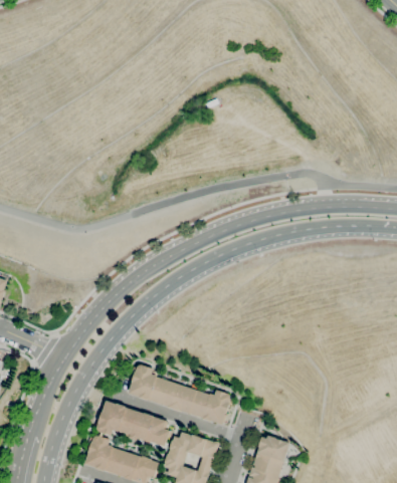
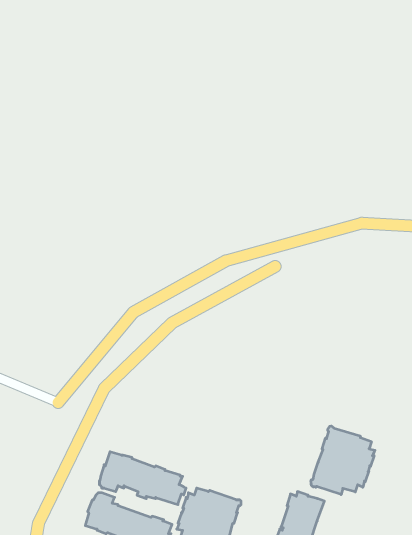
building: [128,365,232,425] -> none
building: none -> [311,426,375,495]

